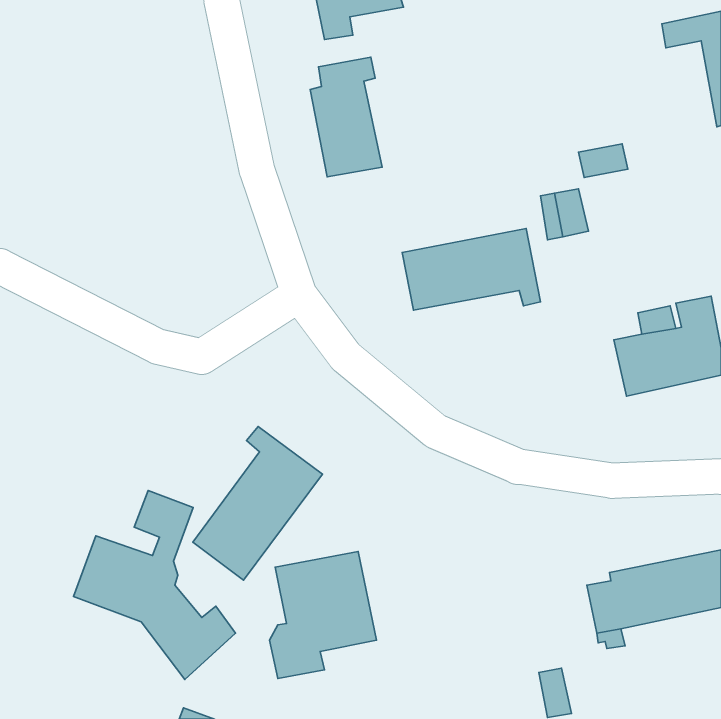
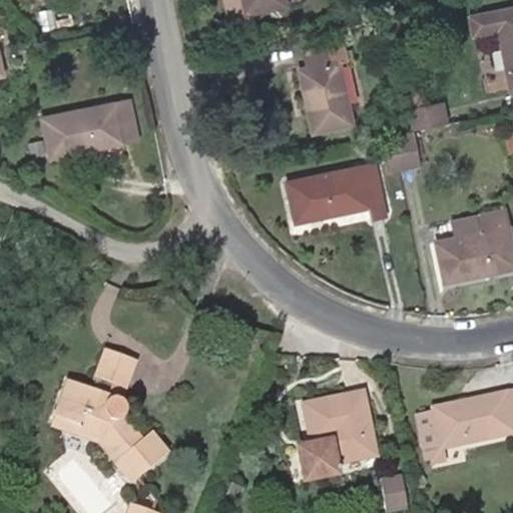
building: [310,57,382,177] -> [300,45,351,130]
building: none -> [44,99,137,155]
building: [193,426,322,580] -> none
building: [269,552,377,678] -> [299,392,375,482]

